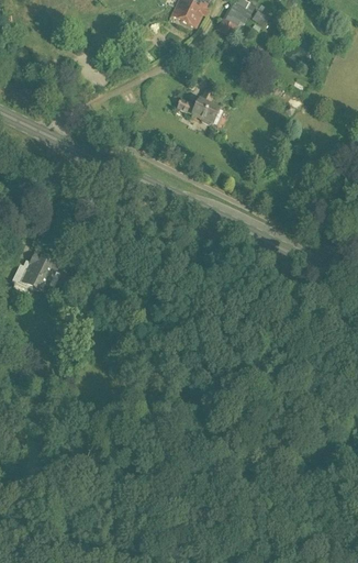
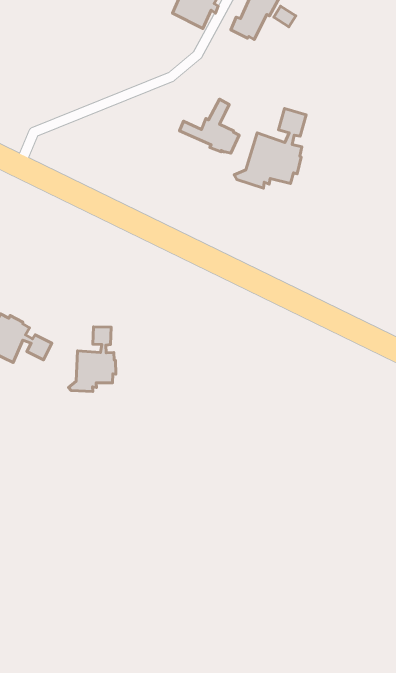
building: none -> [234,108,306,188]
building: none -> [68,327,116,392]

